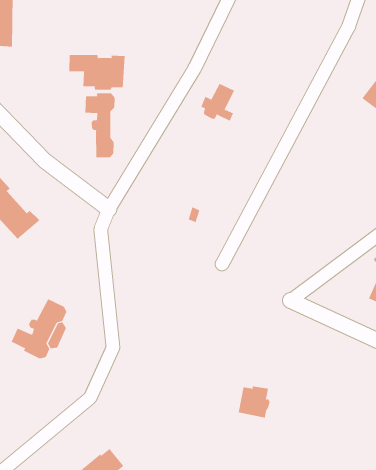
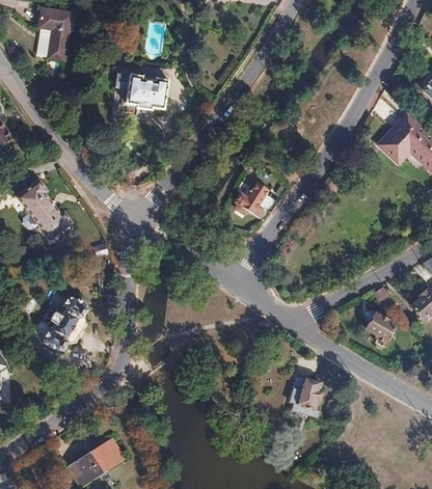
building: [200,83,235,121] -> [234,181,267,217]
building: [85,92,115,158] -> none
building: [238,386,270,418] -> [290,378,321,409]

